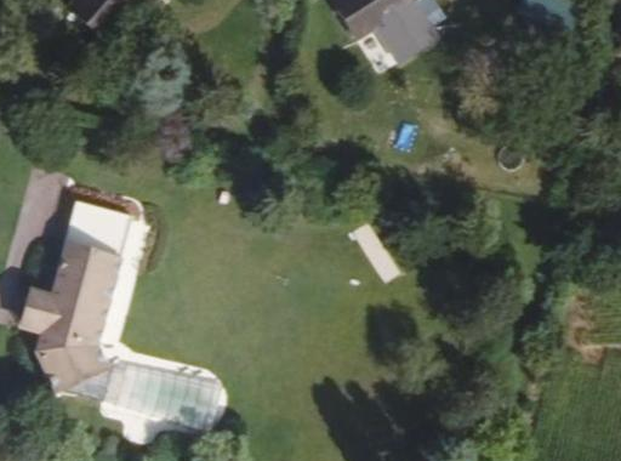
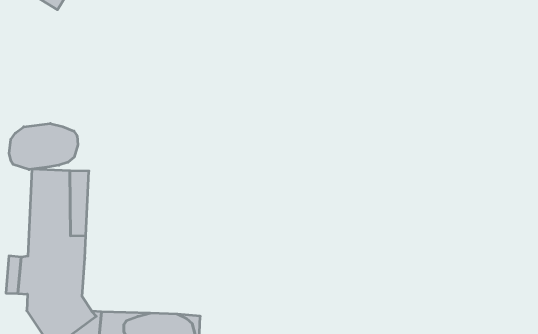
building: none -> [9,123,78,170]

